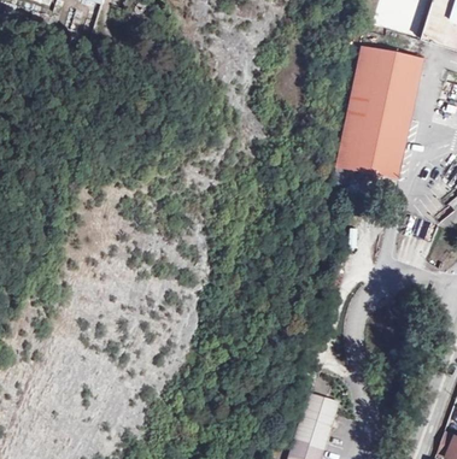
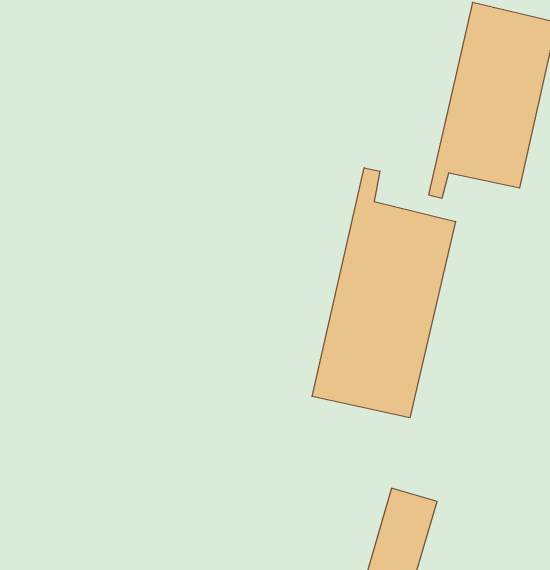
building: none -> [312,168,455,418]

